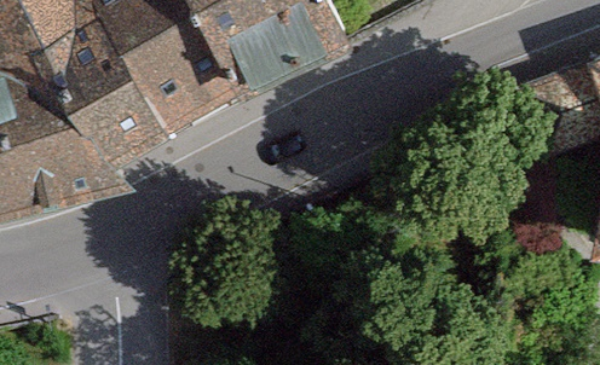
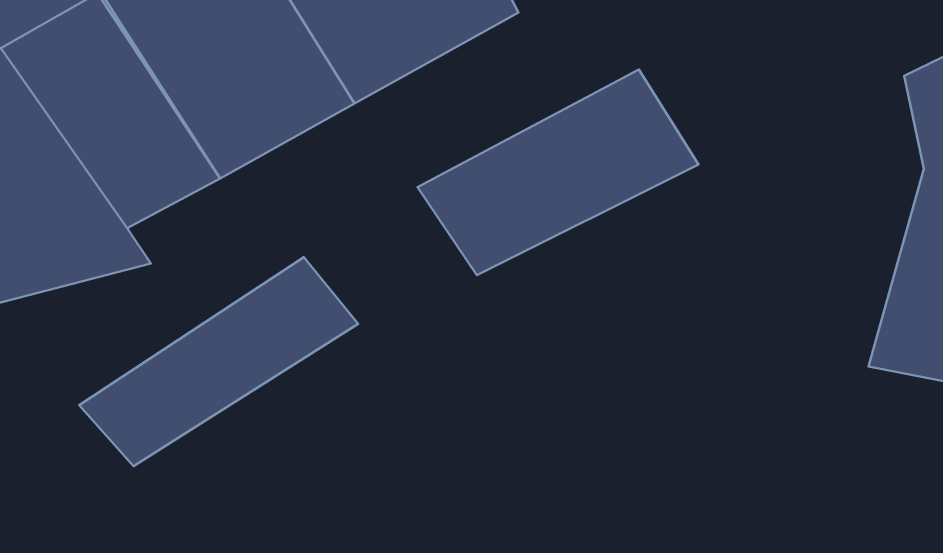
building: none -> [417,69,698,275]
building: none -> [79,257,358,466]

